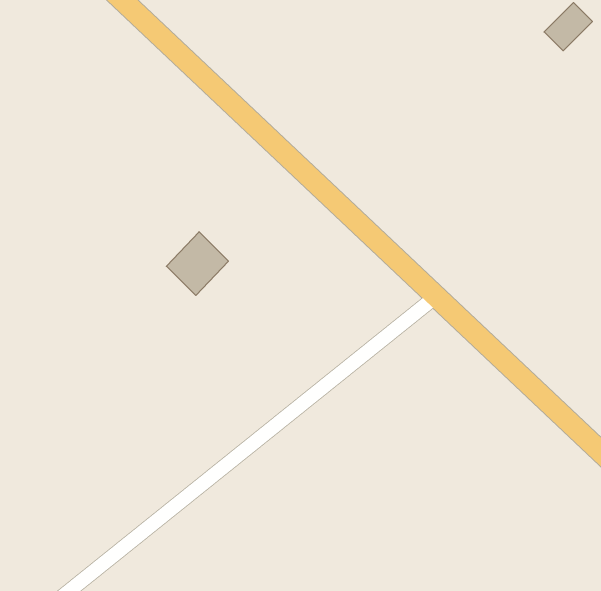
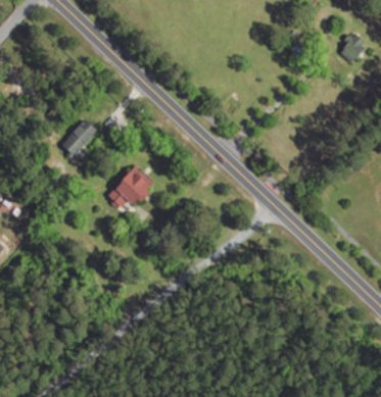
building: none -> [61,119,97,155]

